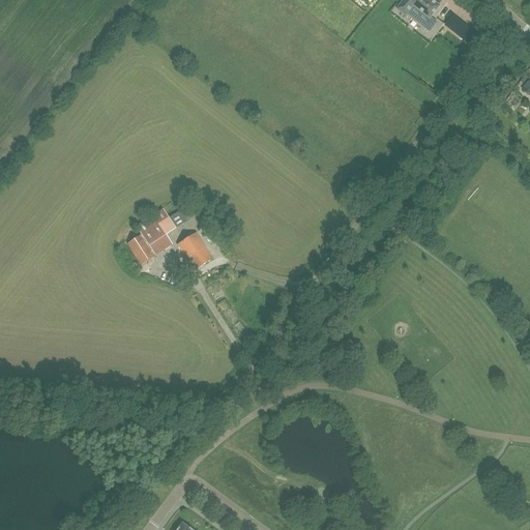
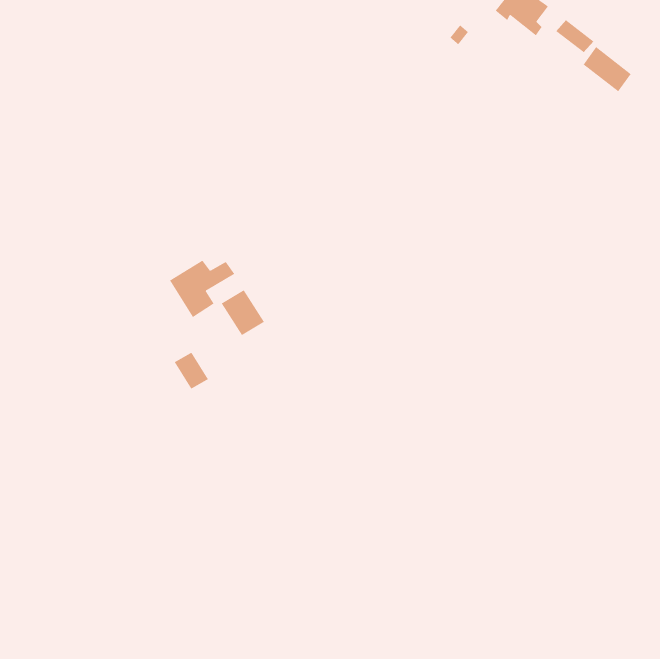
building: none -> [583,46,631,92]
building: [126,233,154,263] -> [174,352,209,389]

